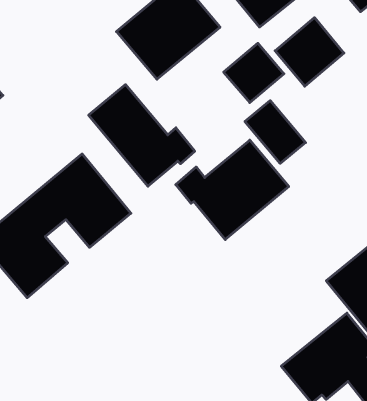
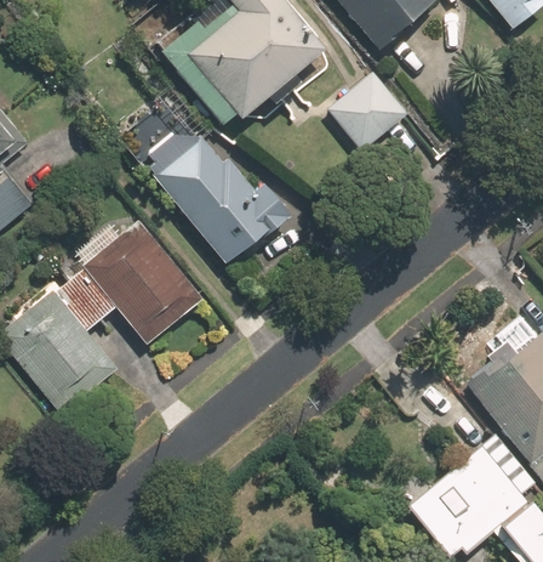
building: [275,18,344,86] -> none
building: [245,101,306,163] -> none
building: [176,140,289,240] -> none

